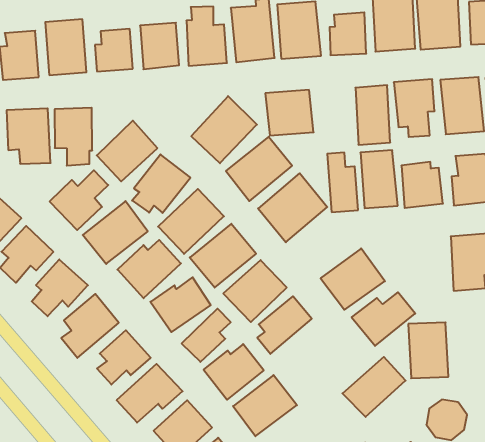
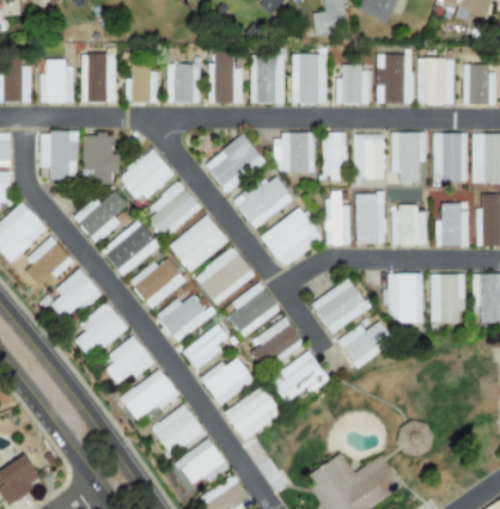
building: none -> [323,131,347,180]
building: [408,322,448,378] -> [389,272,423,323]
building: [342,357,406,417] -> [269,350,327,403]

